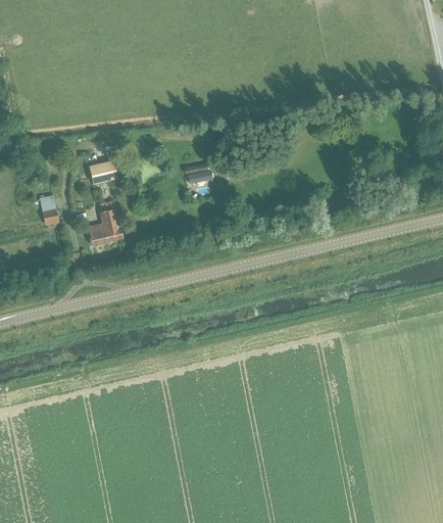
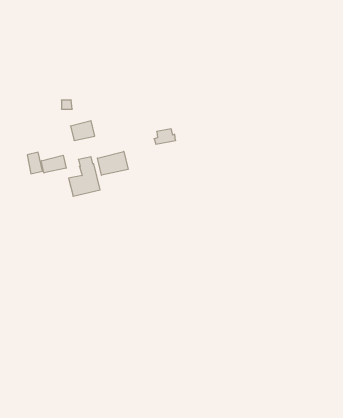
building: none -> [97,151,128,175]
building: none -> [41,155,66,173]

